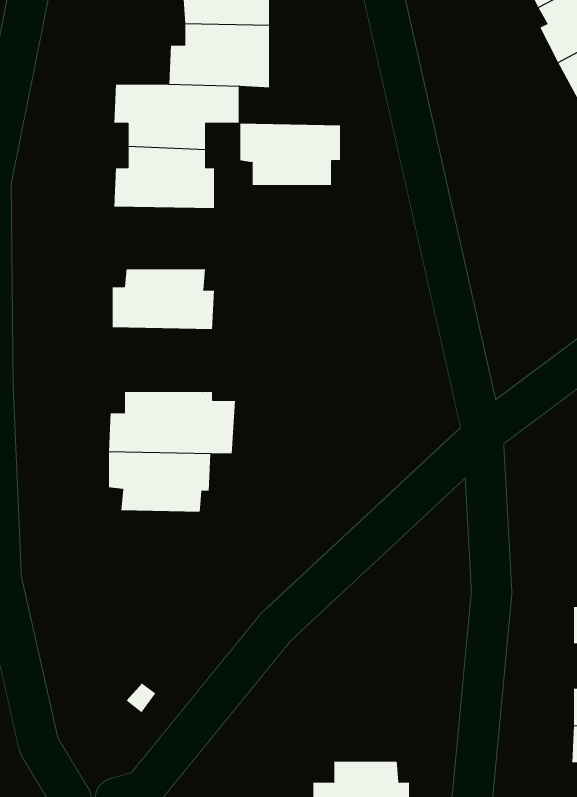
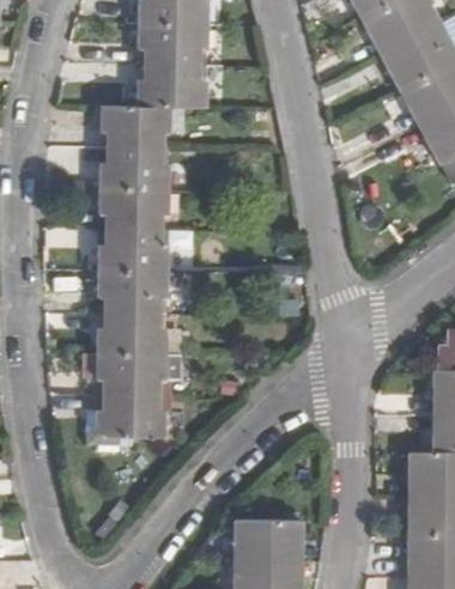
building: [240,123,341,185] -> [99,188,168,230]
building: none -> [97,269,166,312]
building: none -> [85,393,164,447]
building: none -> [235,518,299,561]

